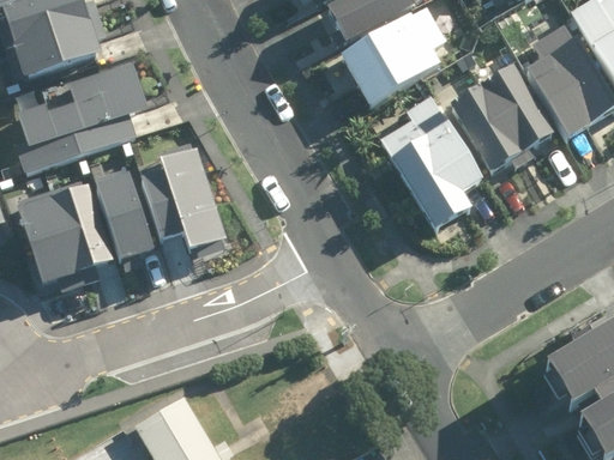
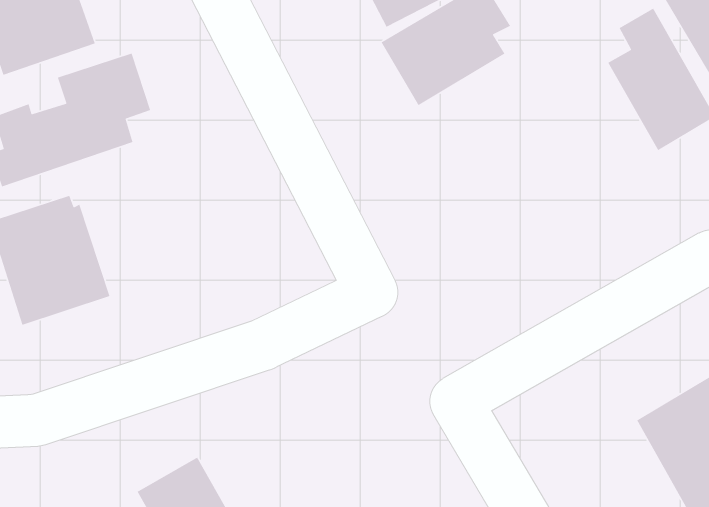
building: [447,66,553,172] -> none
building: [378,93,483,229] -> none
building: [142,141,227,253] -> none
building: [96,169,154,261] -> none

